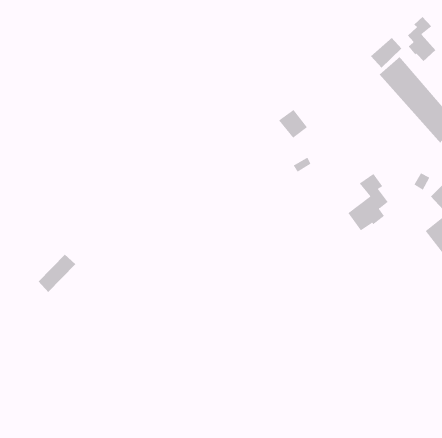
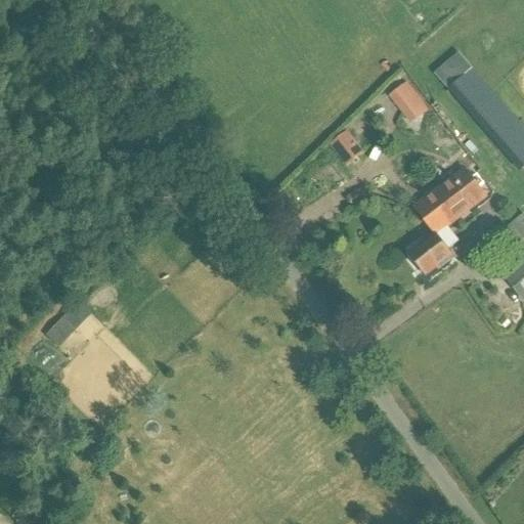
building: [407,16,436,62] -> none
building: none -> [394,76,433,118]
building: none -> [416,167,486,220]

